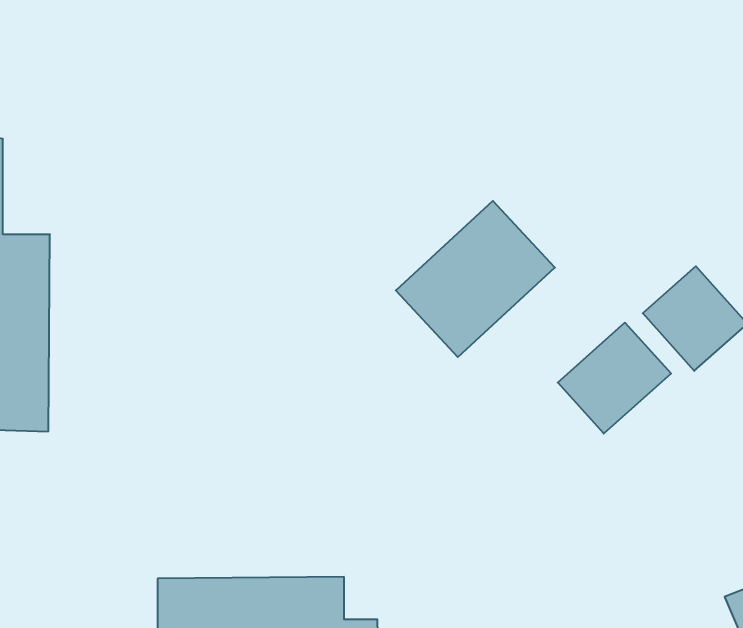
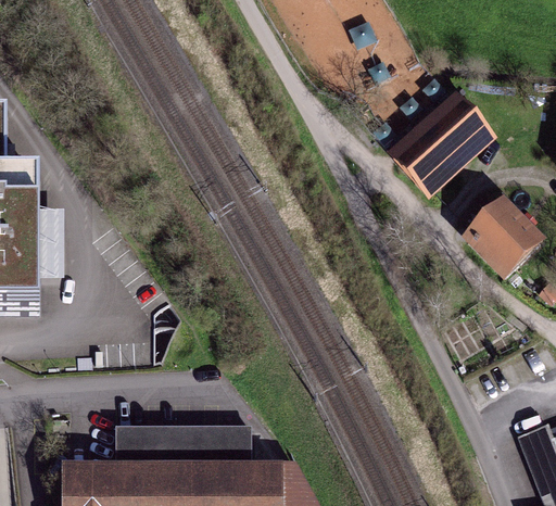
building: [396,201,555,357] -> [380,92,494,204]
building: [558,323,671,434] -> none

